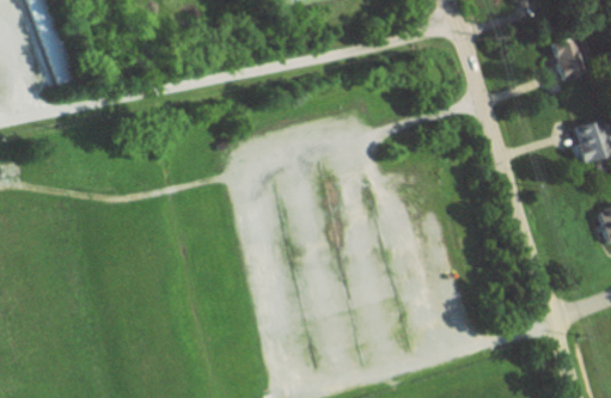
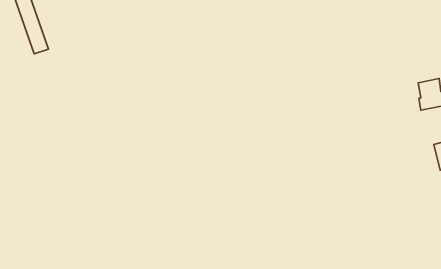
building: [552,41,588,82] -> none

